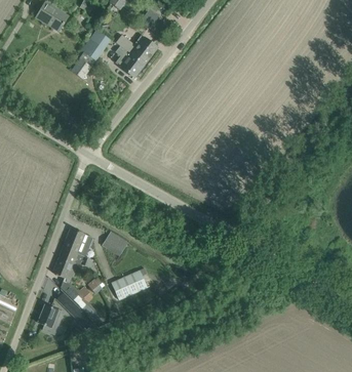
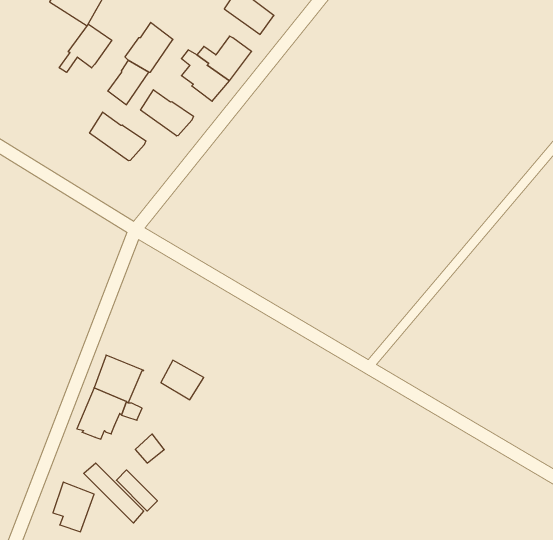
building: none -> [59,24,112,72]
building: none -> [141,90,193,136]
building: none -> [90,112,146,161]
building: [111,267,147,299] -> none

